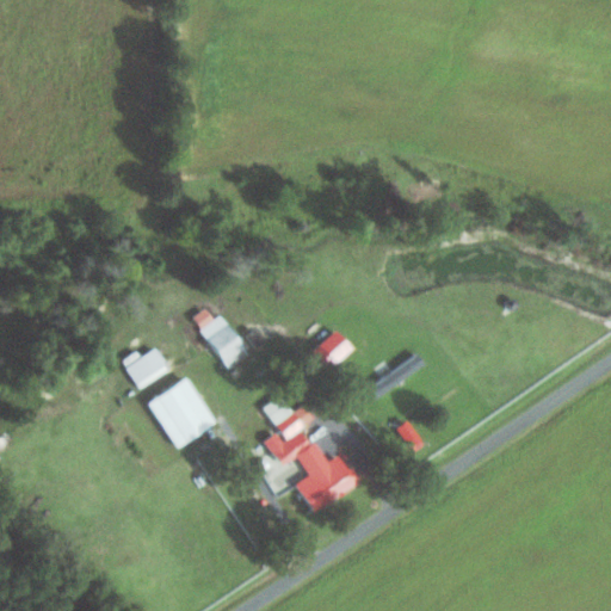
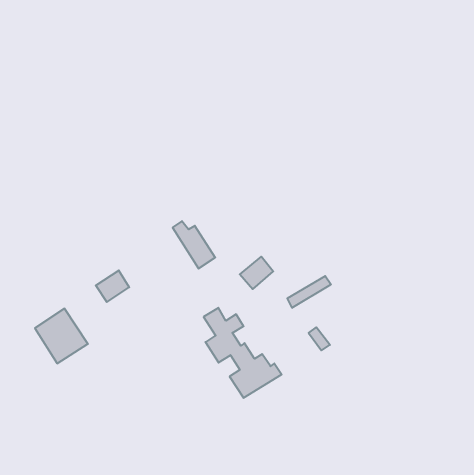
building: [193,308,248,369] -> [173,221,215,269]
building: [148,377,216,448] -> [35,309,88,363]

